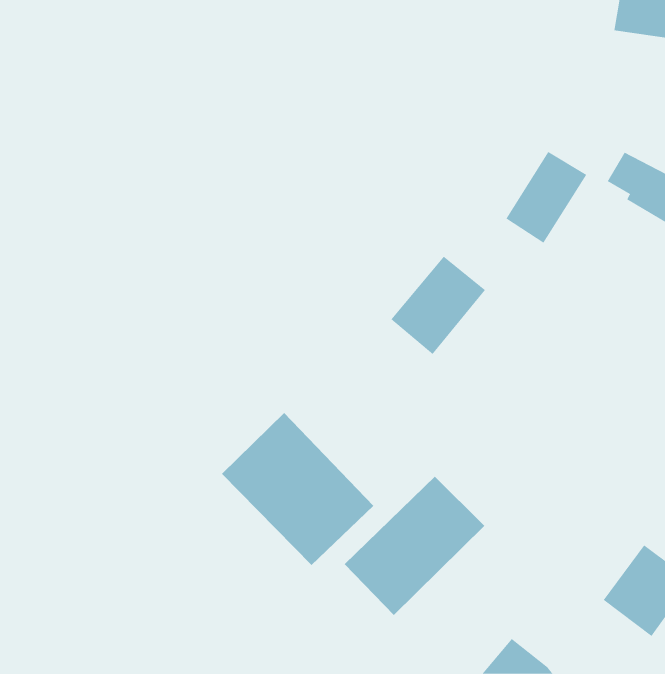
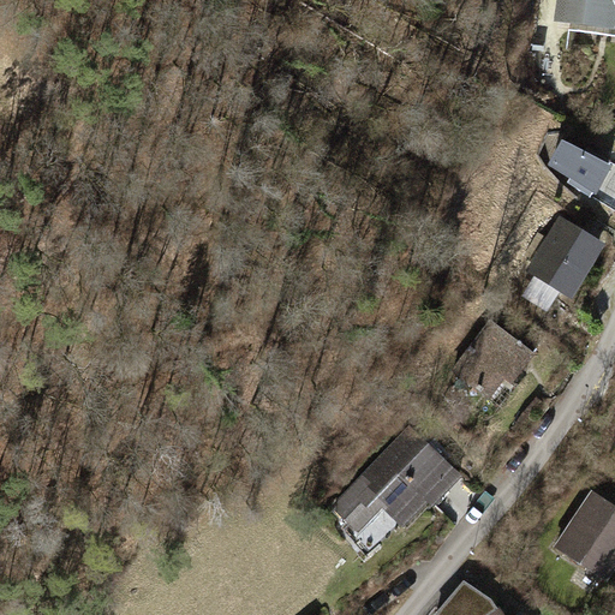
building: [505,151,587,244] -> [531,214,605,298]
building: [391,256,486,355] -> [438,324,525,414]
building: [221,412,374,566] -> none

